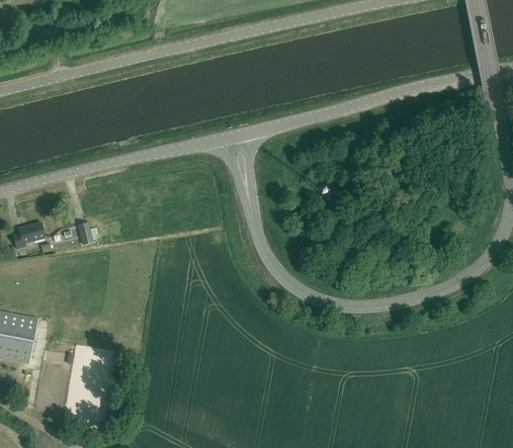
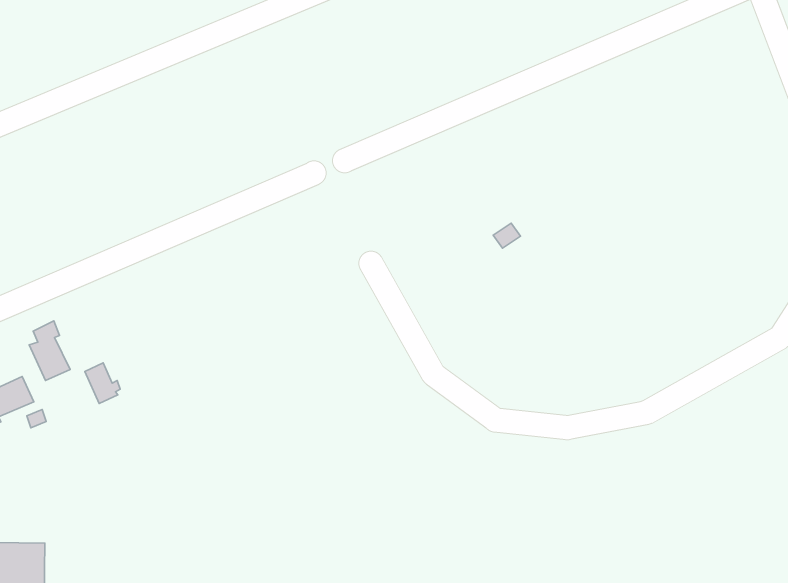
building: none -> [29,321,70,381]

